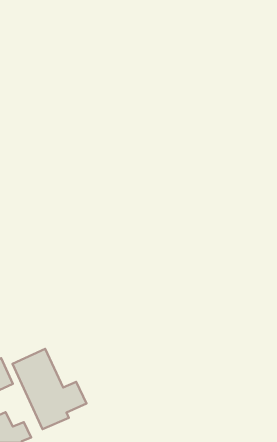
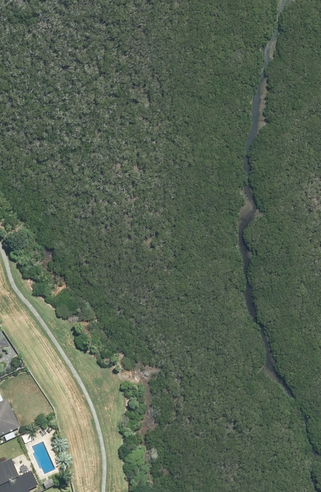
building: [13,349,87,429] -> none

